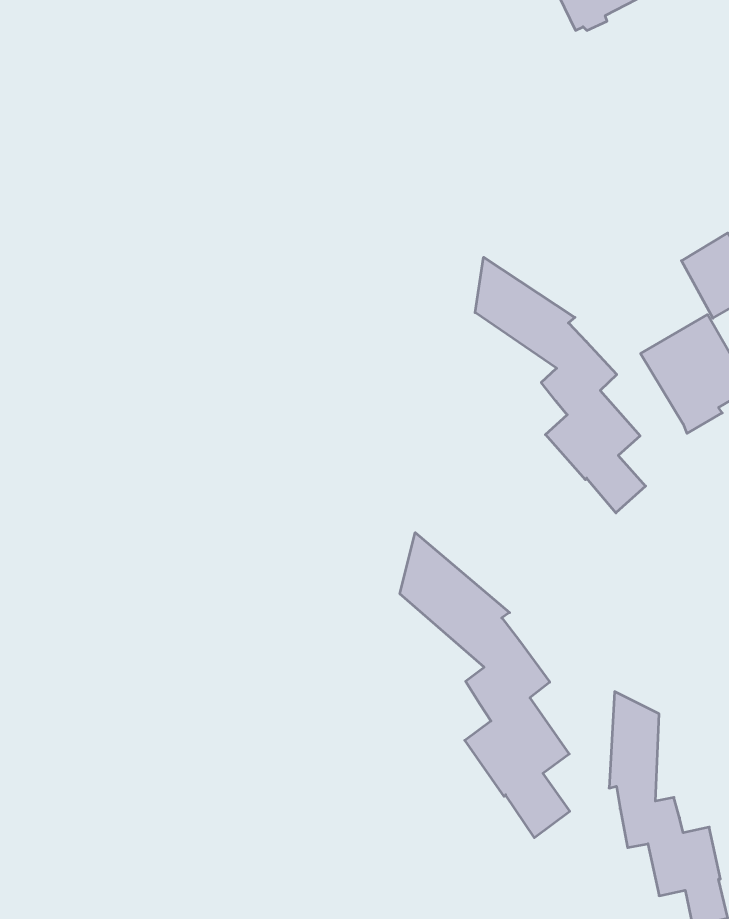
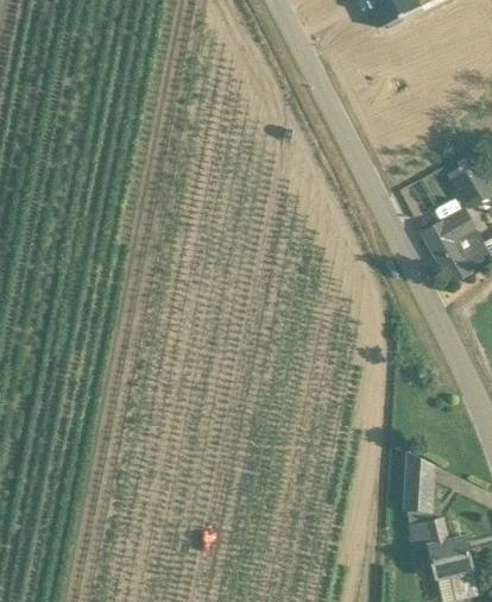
building: [475,257,646,513] -> none
building: [400,533,570,838] -> none

